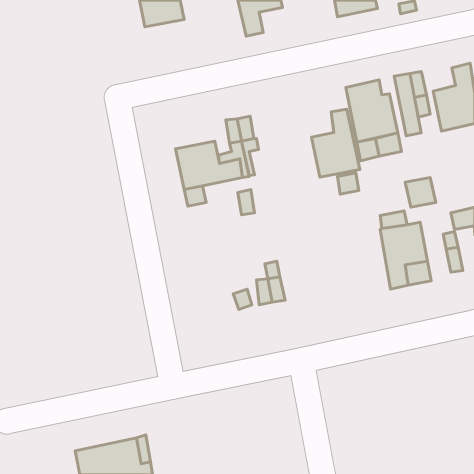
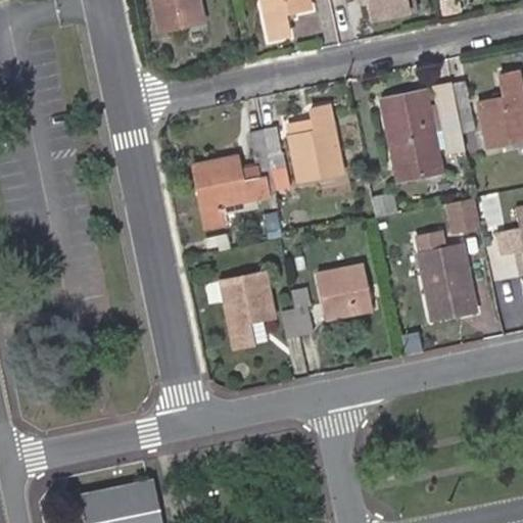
building: [312,109,360,177] -> [288,106,341,181]
building: none -> [318,265,372,318]
building: none -> [221,273,273,345]

